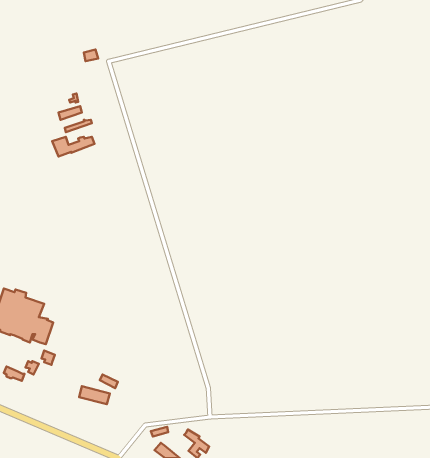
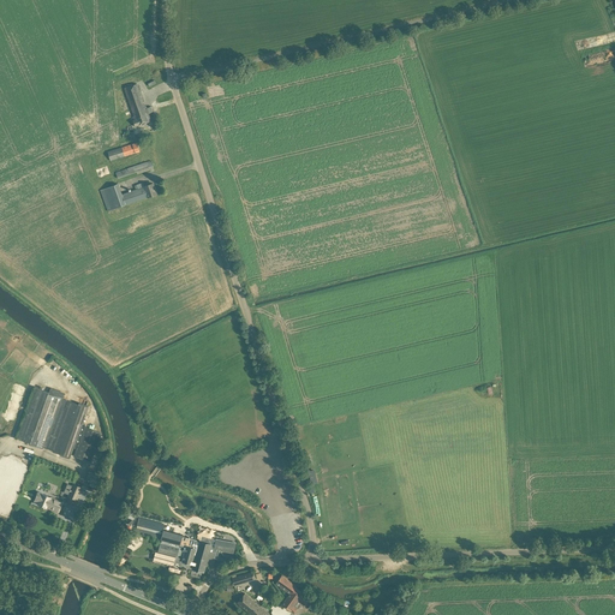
building: none -> [124,84,151,126]
building: none -> [157,535,234,572]

